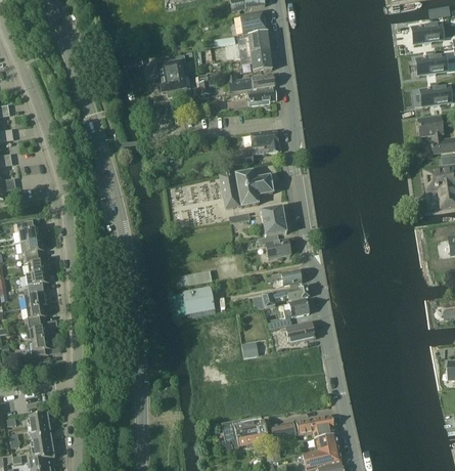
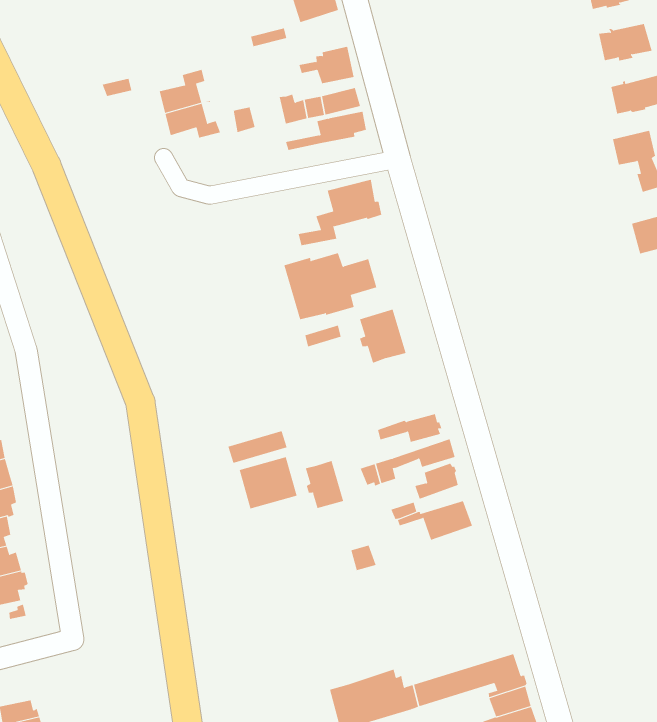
building: [226,32,270,60] -> none
building: [258,234,290,259] -> none
building: none -> [305,460,344,509]

